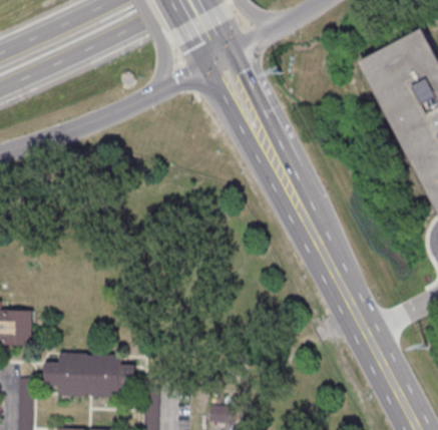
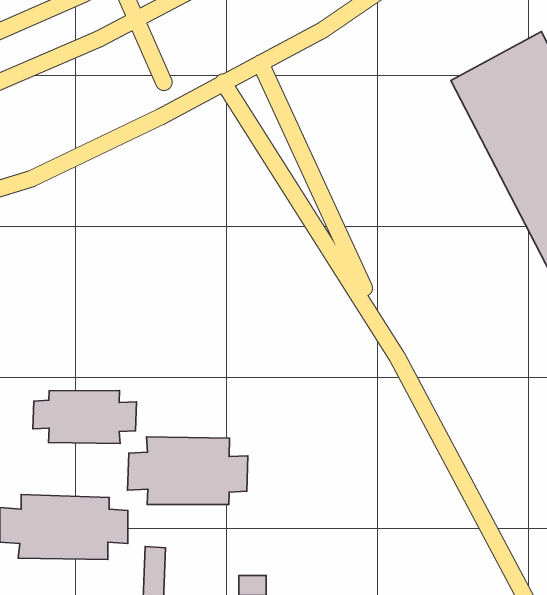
building: none -> [33,391,136,444]
building: none -> [128,437,248,505]

